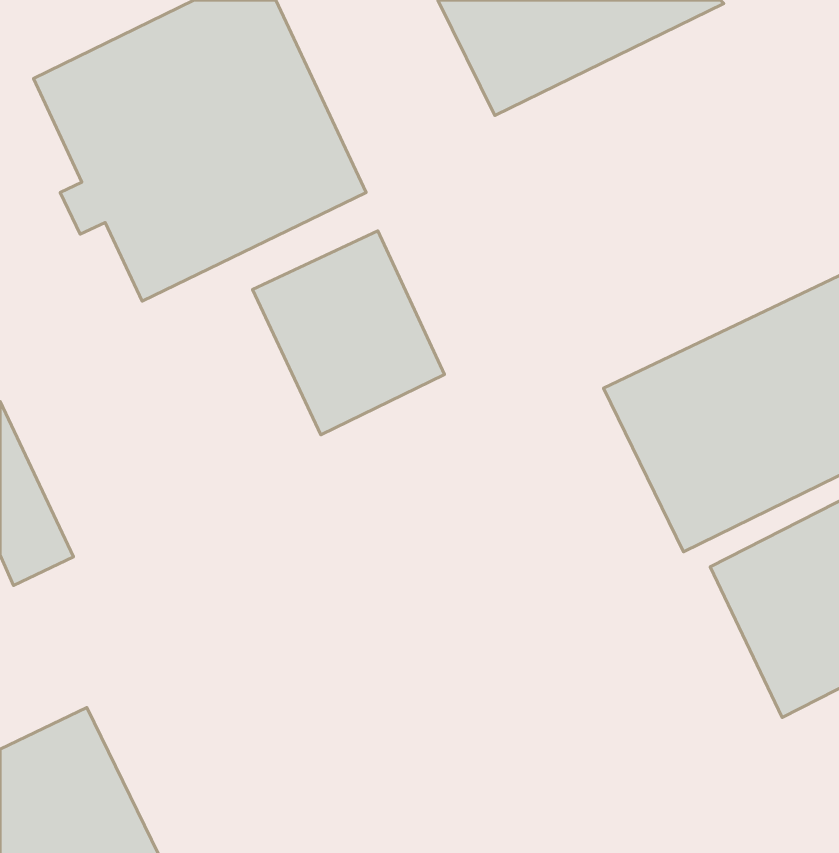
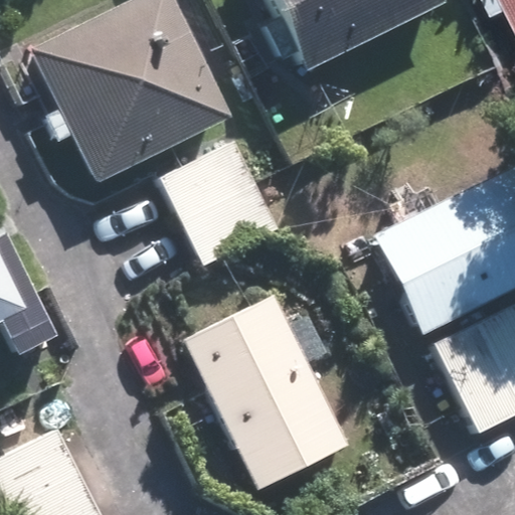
building: none -> [181,295,348,488]

